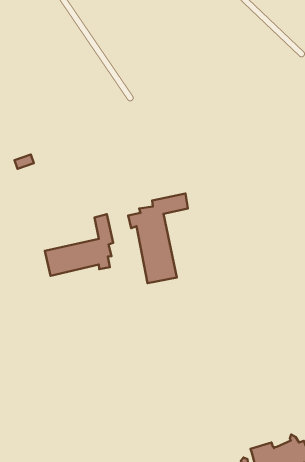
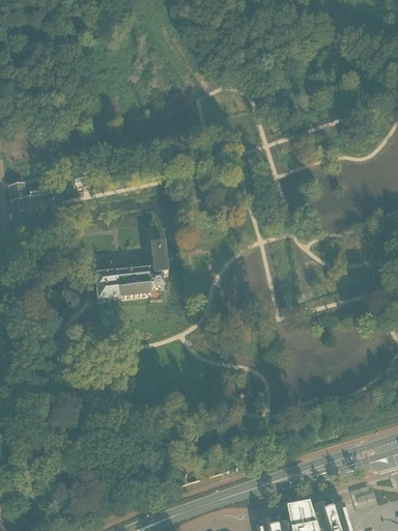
building: [128,193,188,283] -> none

